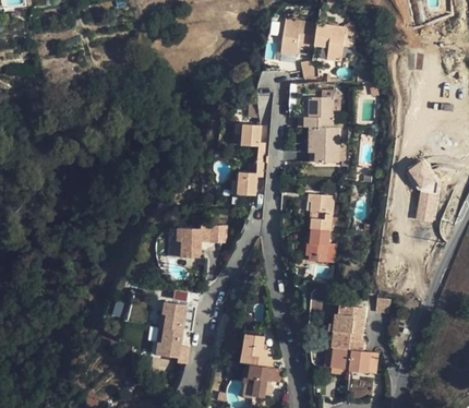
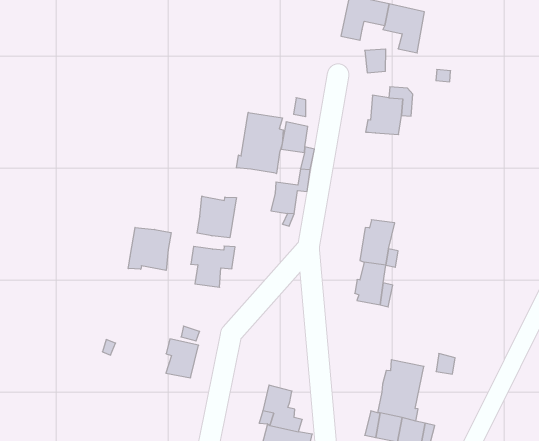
building: none -> [236,112,283,174]
building: [313,127,338,163] -> none
building: [408,159,437,220] -> none
building: none -> [197,196,236,238]
building: none -> [128,227,171,270]
building: [155,328,189,363] -> none

